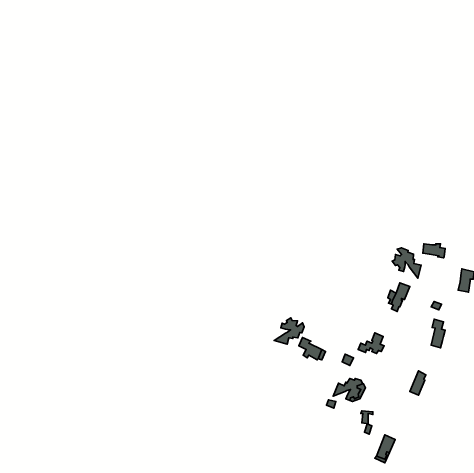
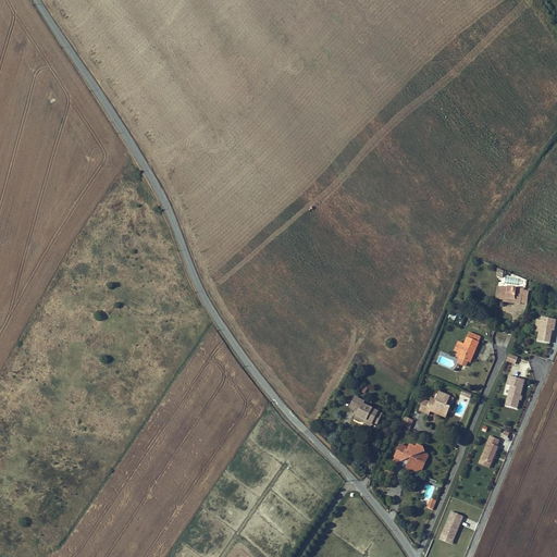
building: [392,248,421,278] -> none
building: [274,318,304,344] -> none

